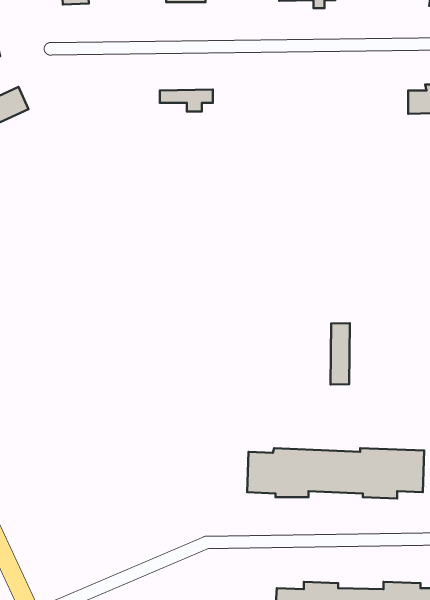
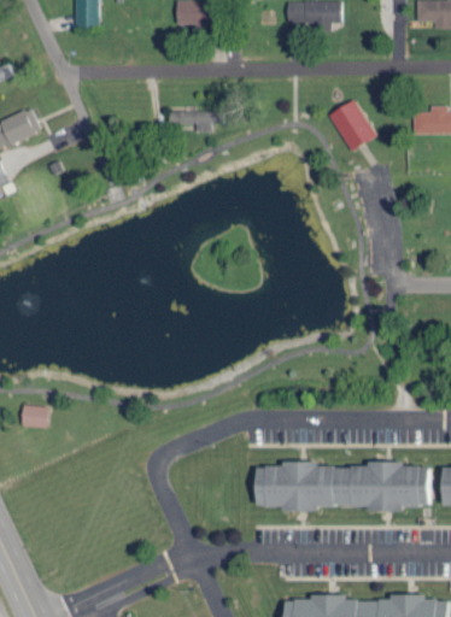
building: none -> [328,99,376,151]
building: [331,323,350,384] -> none
building: none -> [20,404,48,428]

